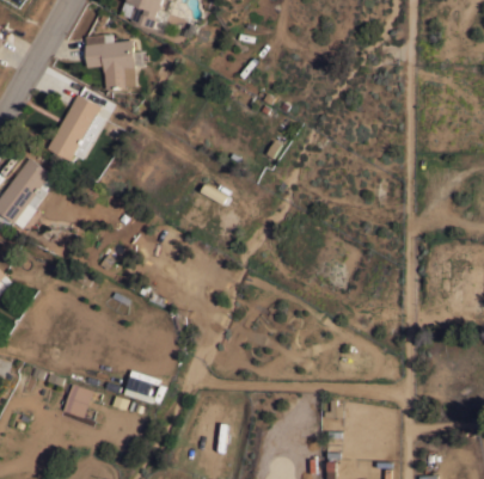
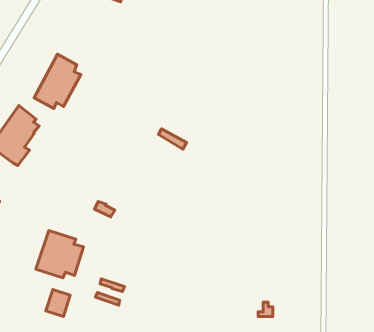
building: [85,35,137,90] -> none
building: none -> [36,231,83,278]

